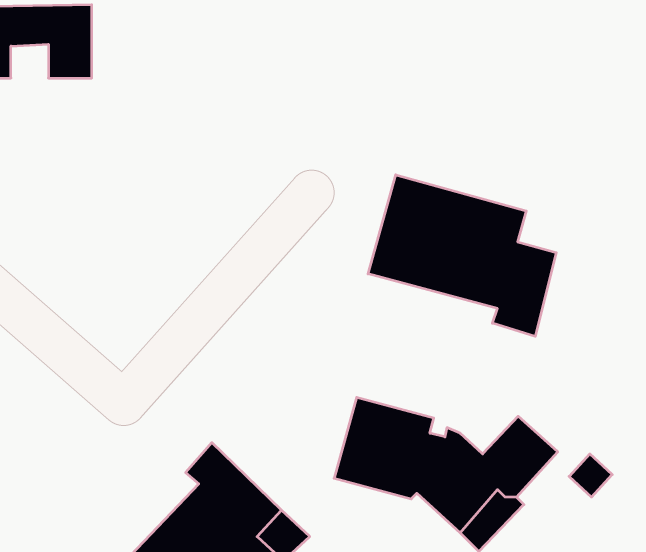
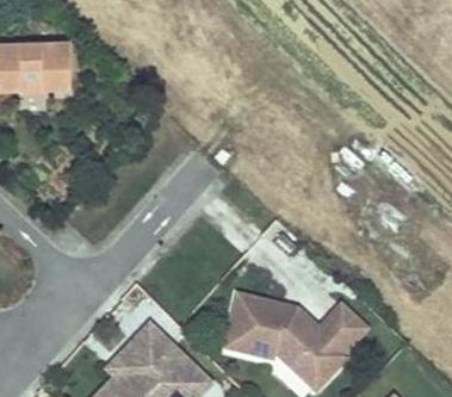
building: [368,175,556,336] -> none

